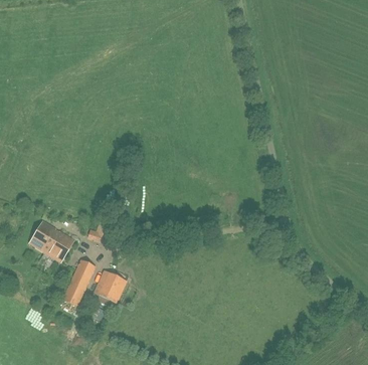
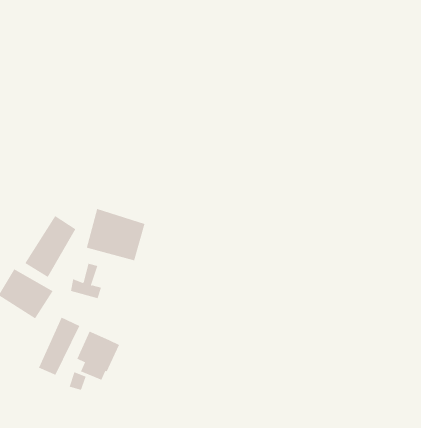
building: none -> [86,208,145,261]
building: none -> [24,215,76,278]

